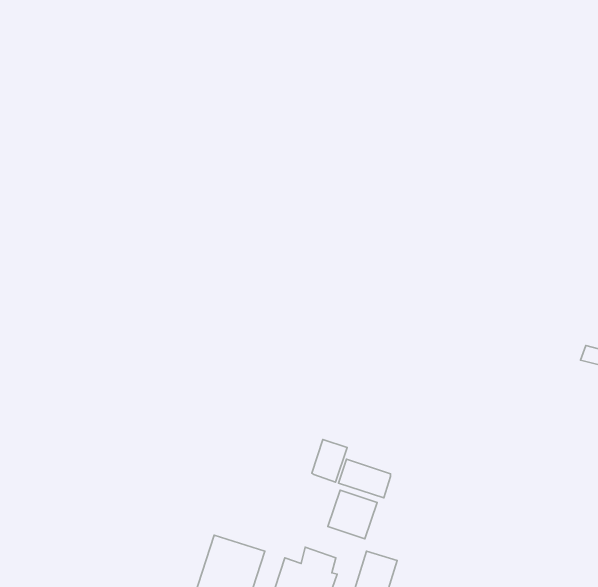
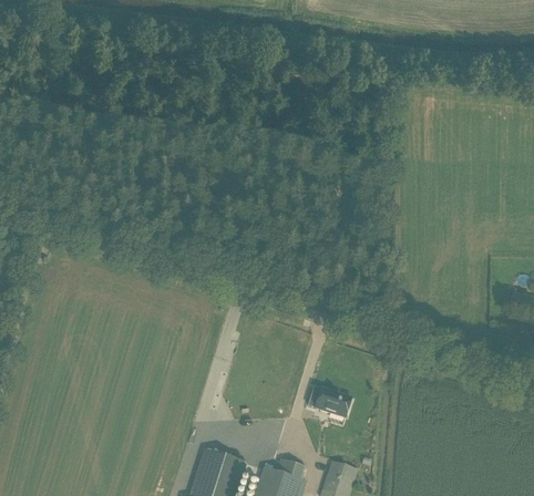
building: [312,439,347,482] -> none
building: [328,490,377,539] -> none

